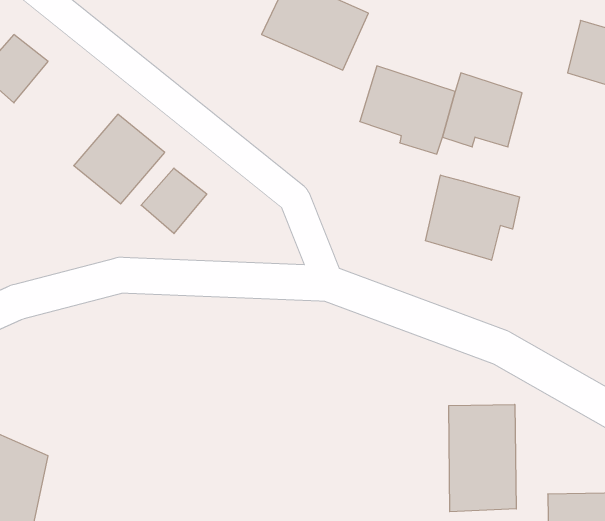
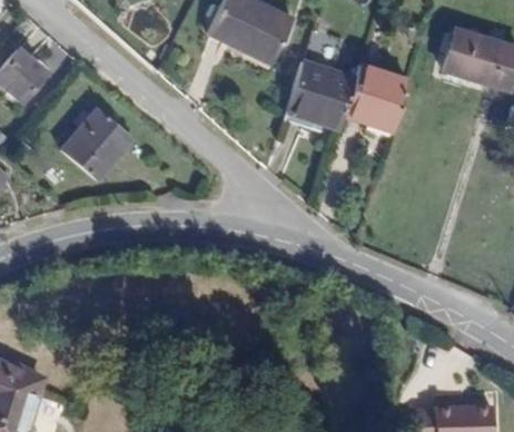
building: [141,168,207,234] -> none
building: [425,175,520,260] -> none
building: [449,404,516,512] -> none

